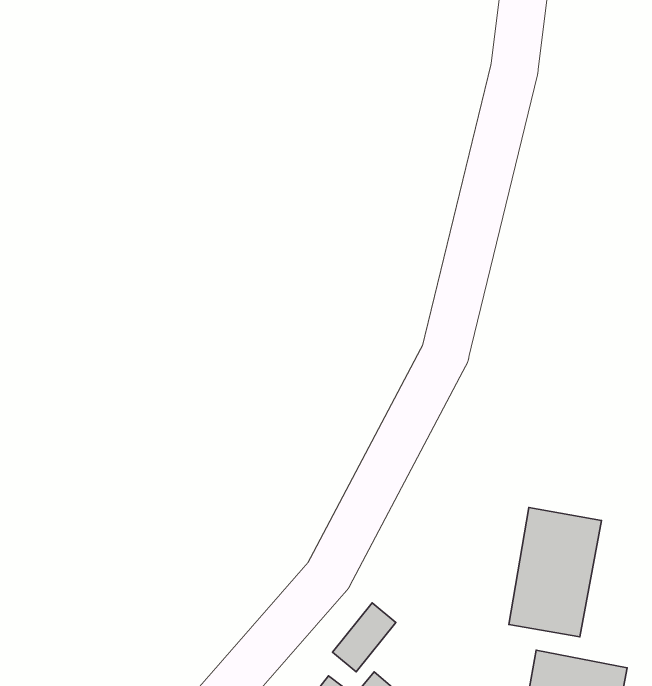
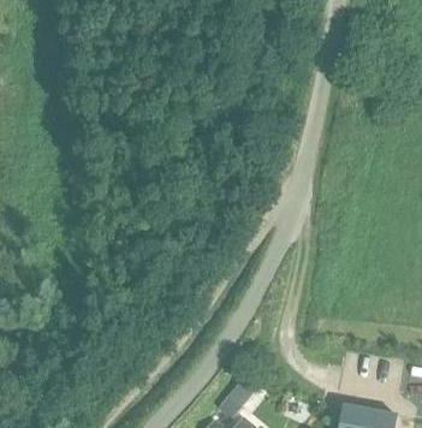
building: [509,507,602,637] -> none

